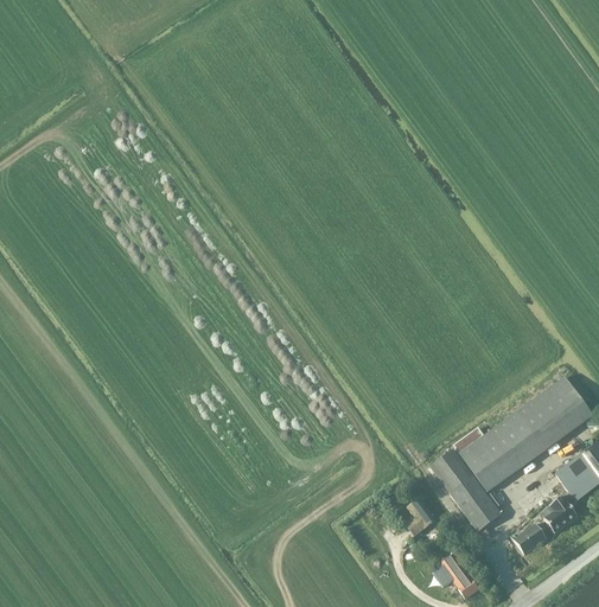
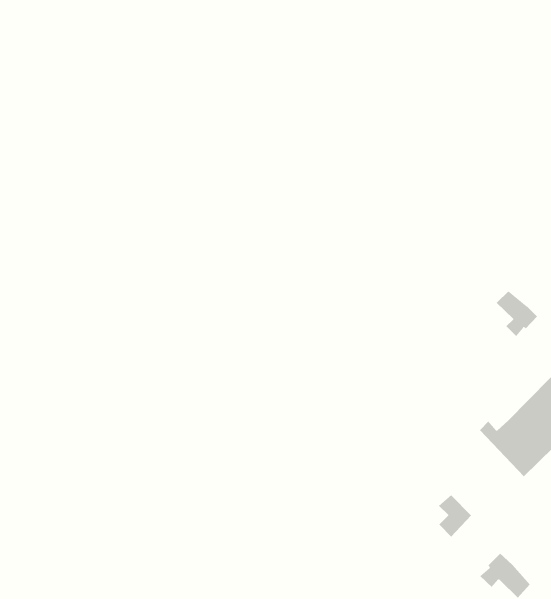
building: none -> [496,291,538,337]
building: [429,448,502,530] -> none

